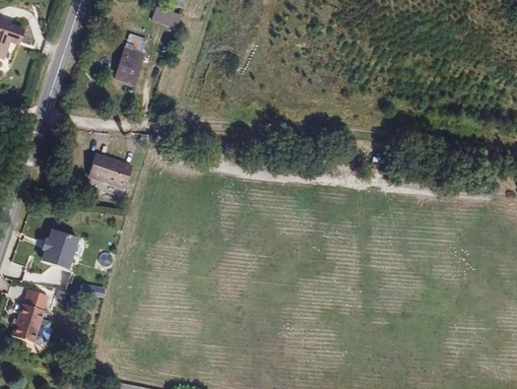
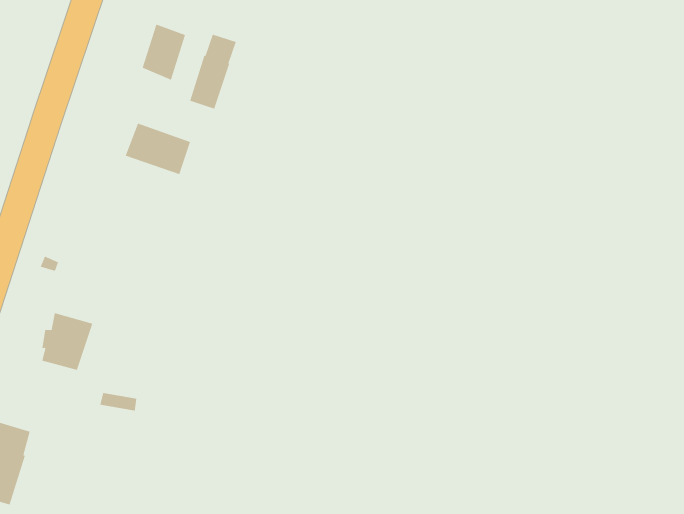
building: none -> [190,34,236,110]
building: [83,151,126,185] -> [125,123,191,175]

